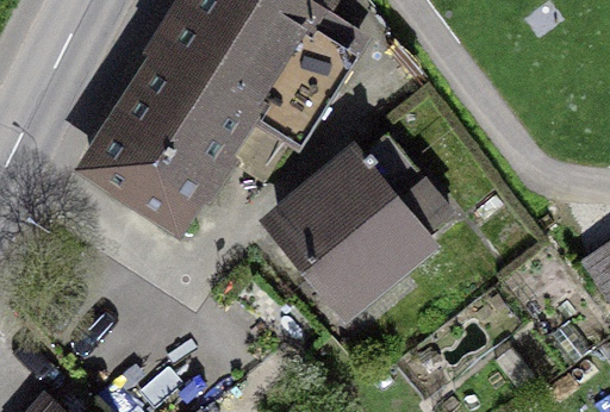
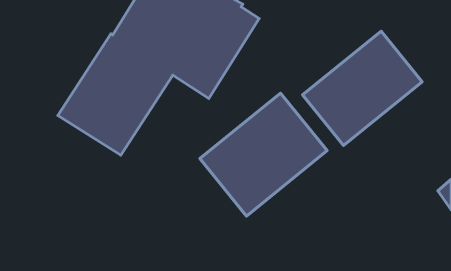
building: none -> [303,31,422,145]

